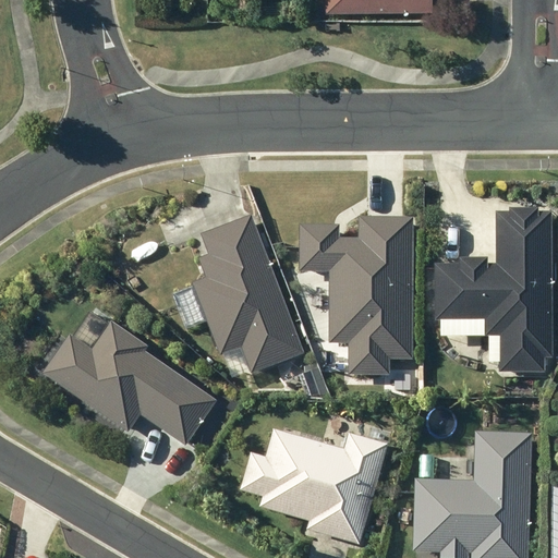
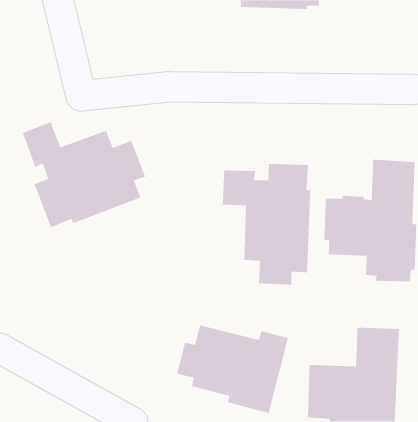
building: none -> [22,121,146,228]
building: [191,215,305,380] -> none
building: [40,322,219,446] -> none

